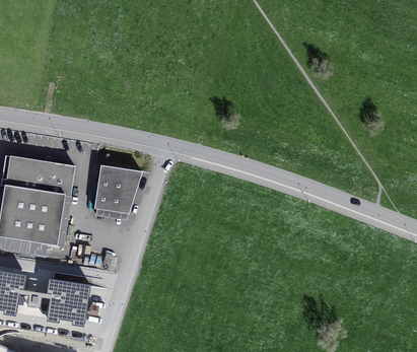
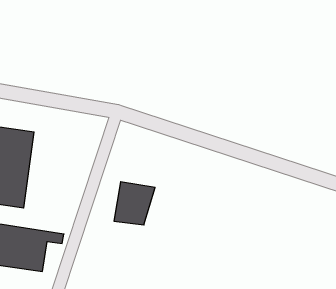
building: [99,164,144,211] -> [114,182,155,225]

